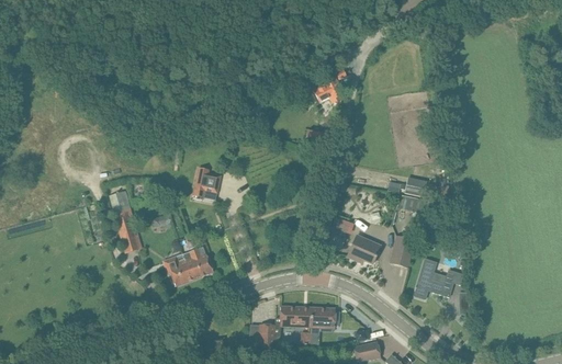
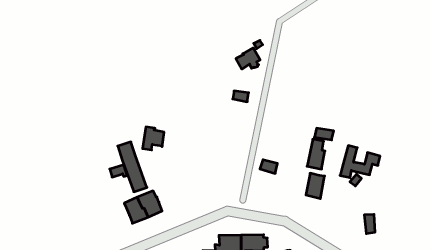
building: [109,191,142,252] -> [118,142,147,192]
building: [347,235,380,263] -> none
building: [413,259,463,298] -> [340,146,380,178]

